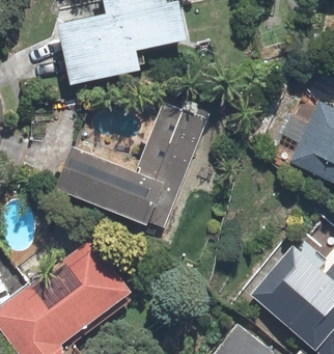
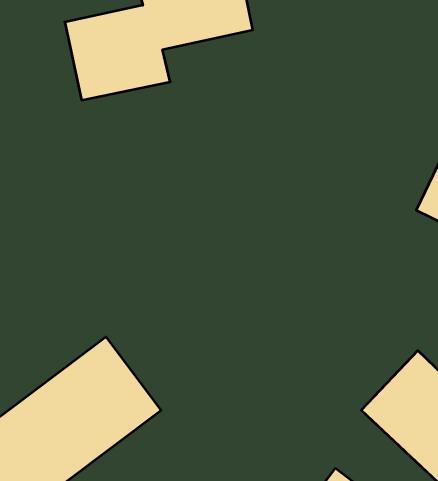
building: [58,105,203,225] -> none

